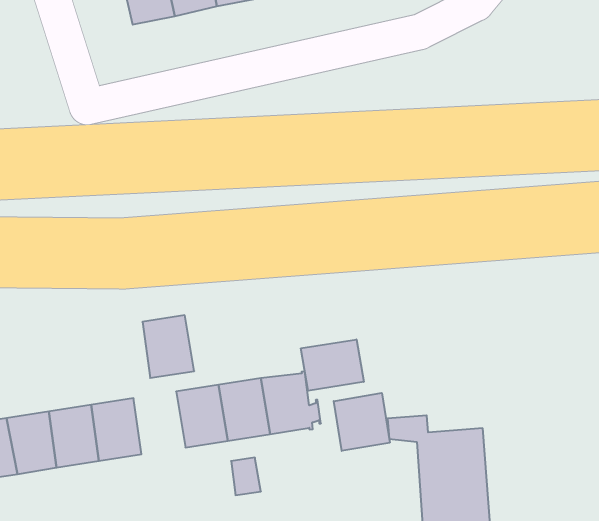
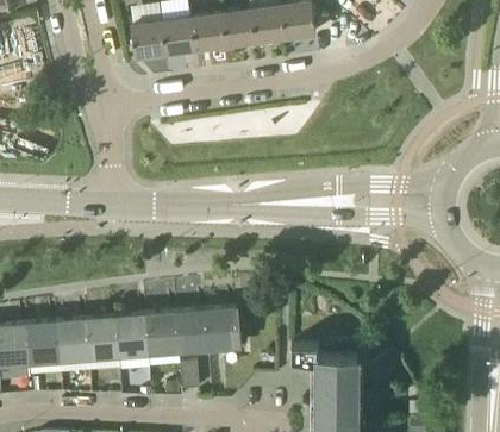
building: [142,315,194,378] -> [117,315,150,357]
building: [301,339,364,391] -> none
building: [334,393,390,451] -> none

